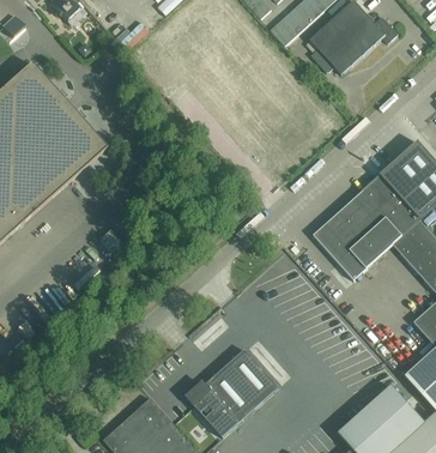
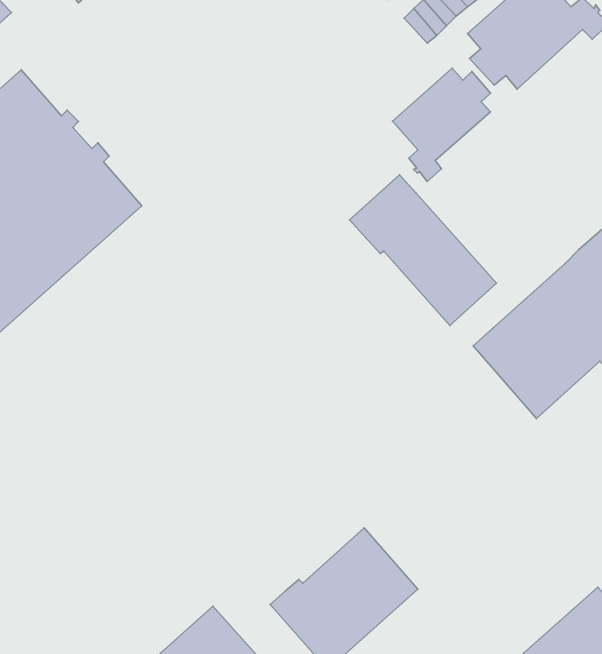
building: none -> [393,68,491,182]
building: none -> [349,175,497,326]

